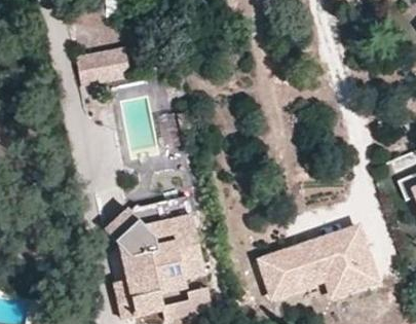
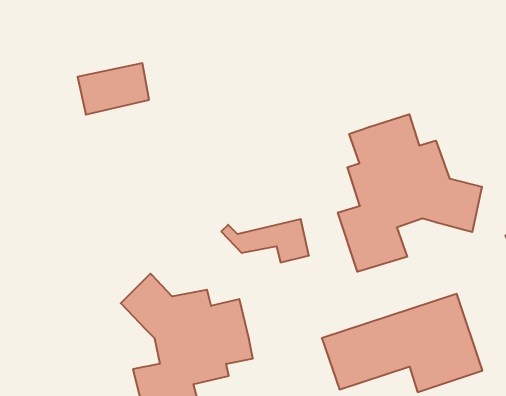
building: none -> [338,114,482,272]
building: [127,202,194,235] -> [221,219,309,262]

